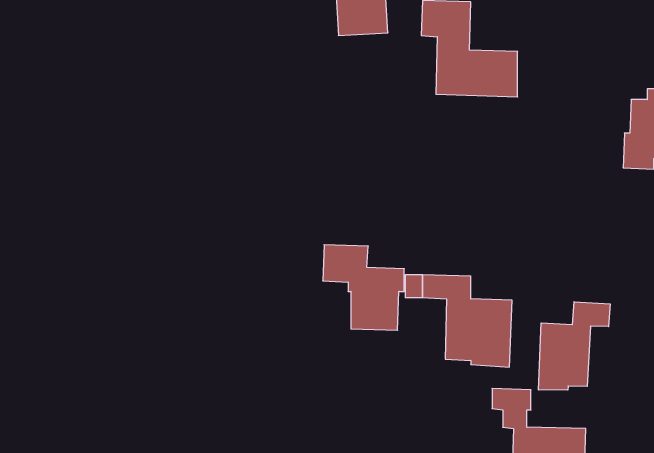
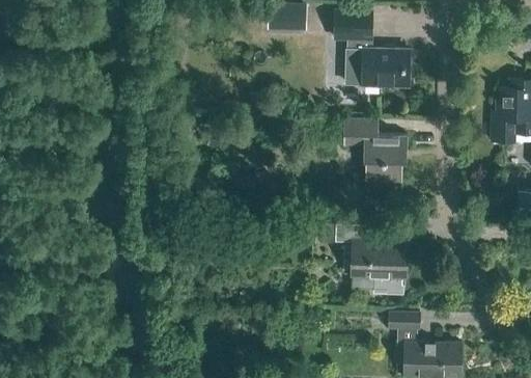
building: [323,245,404,330] -> [343,117,407,184]
building: [539,302,610,390] -> none

